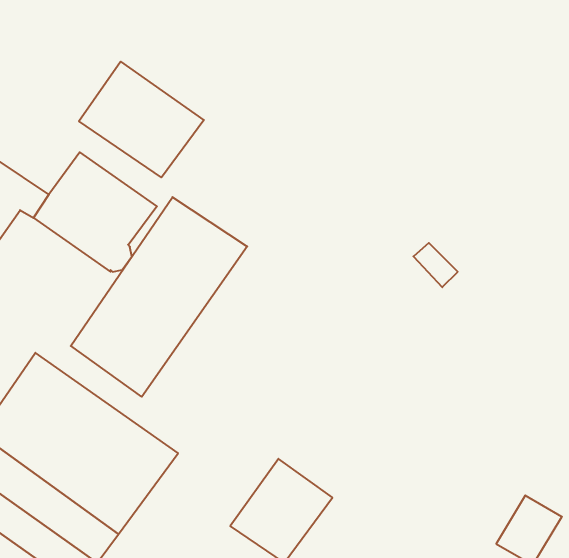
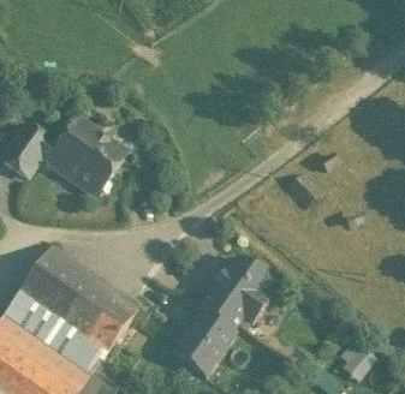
building: [79,62,204,177] -> none
building: [71,197,247,397] -> none
building: none -> [197,257,267,335]

